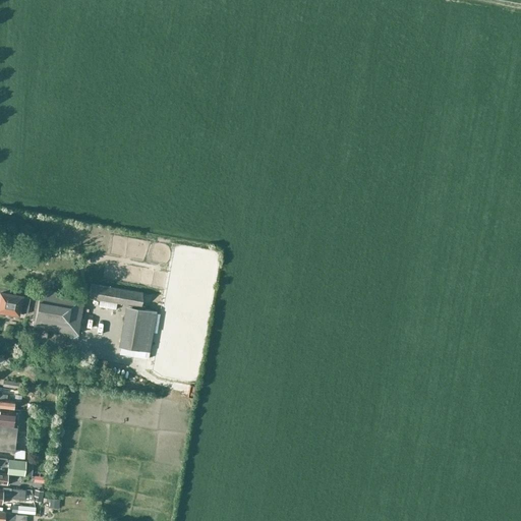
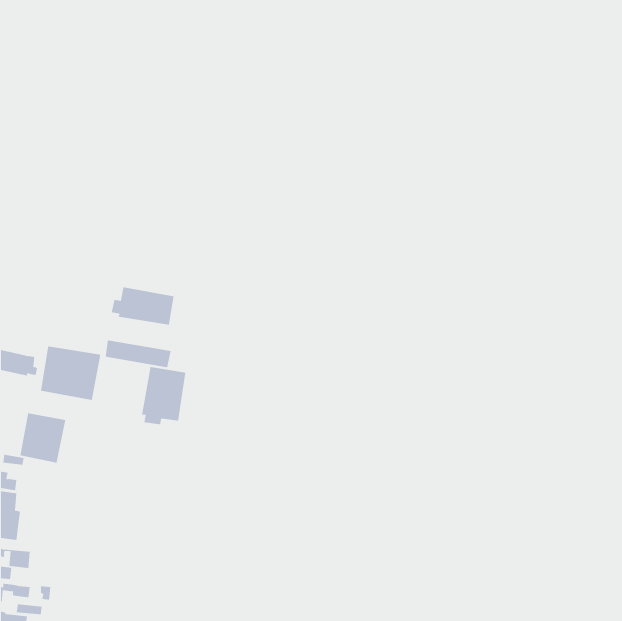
building: none -> [111,286,174,325]
building: none -> [20,412,66,463]

